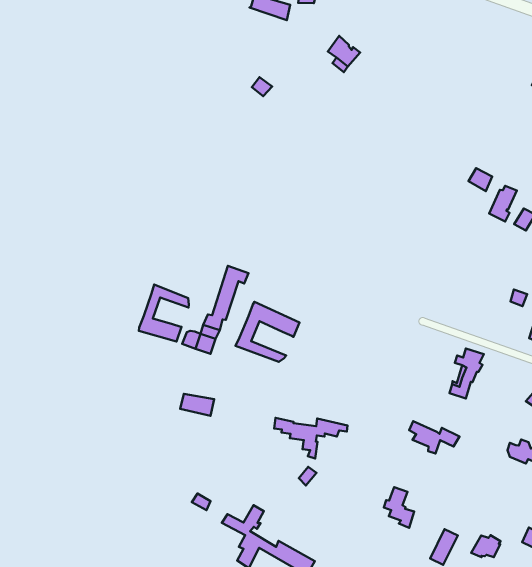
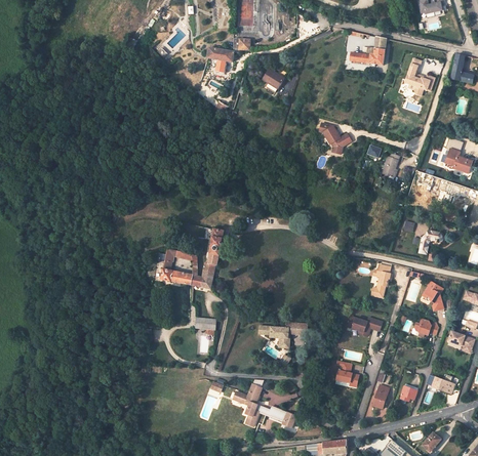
building: none -> [350,37,387,66]
building: none -> [319,124,352,154]
building: [236,302,299,362] -> none

